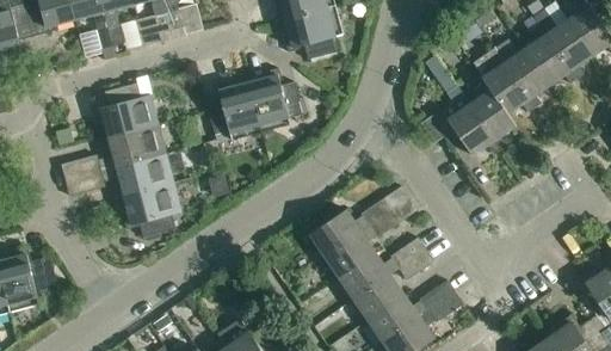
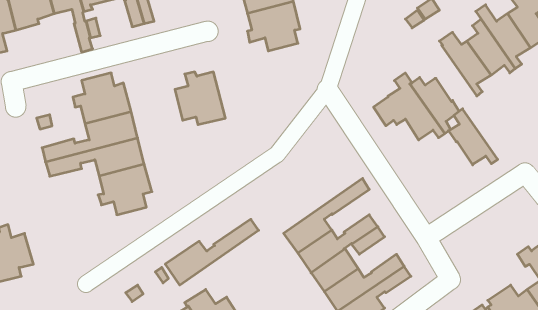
building: [481,54,535,115] -> [448,109,498,165]
building: [248,69,304,133] -> none
building: [309,186,411,258] -> [165,219,259,285]

